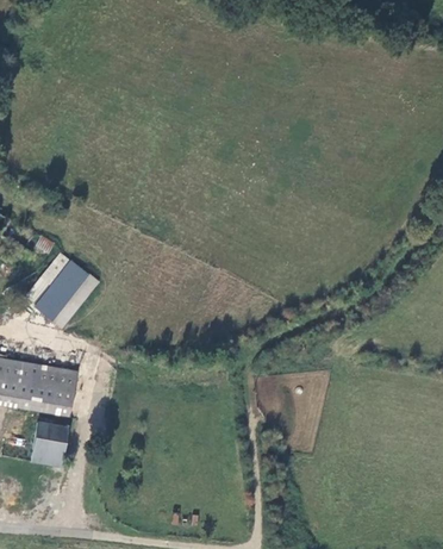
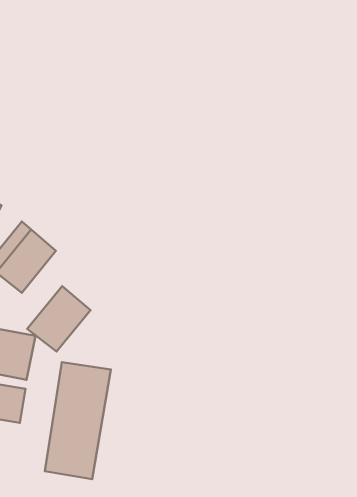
building: none -> [27,286,91,352]
building: none -> [45,362,111,479]

